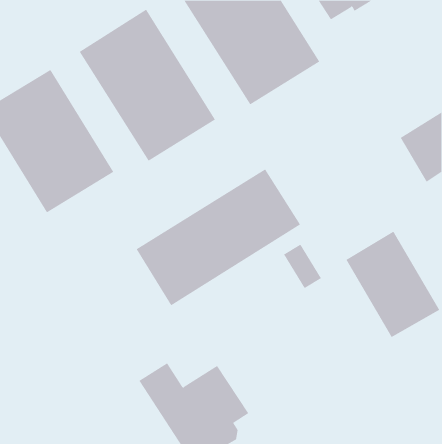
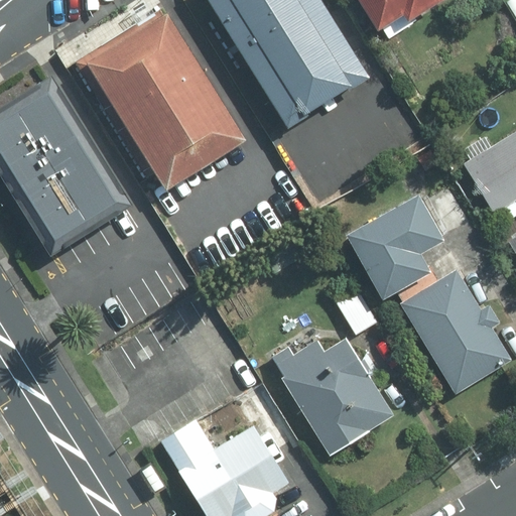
building: none -> [348,191,443,296]
building: [136,168,301,306] -> none
building: none -> [268,339,391,454]

